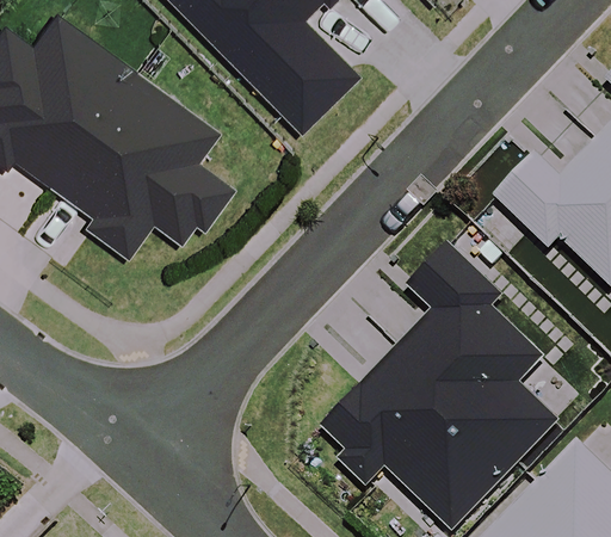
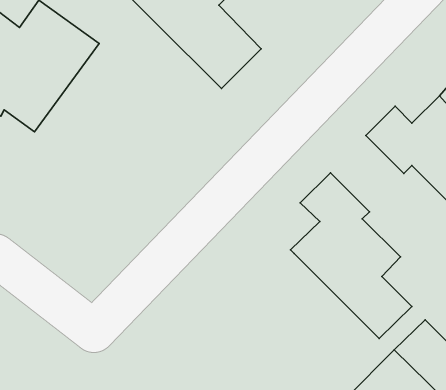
building: [49,69,232,253] -> none
building: [322,352,513,529] -> none

